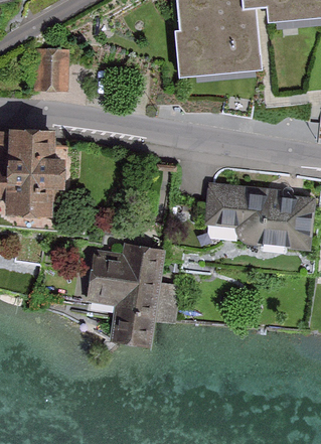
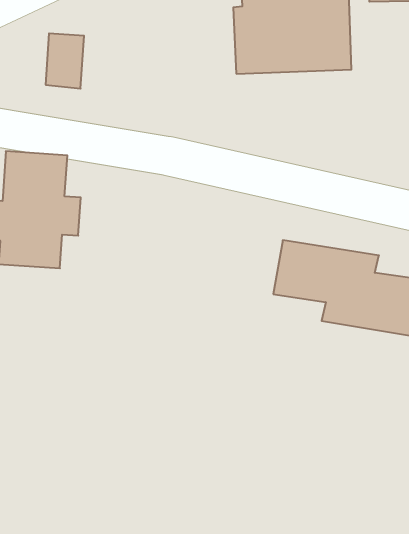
building: [94,251,162,337] -> none

